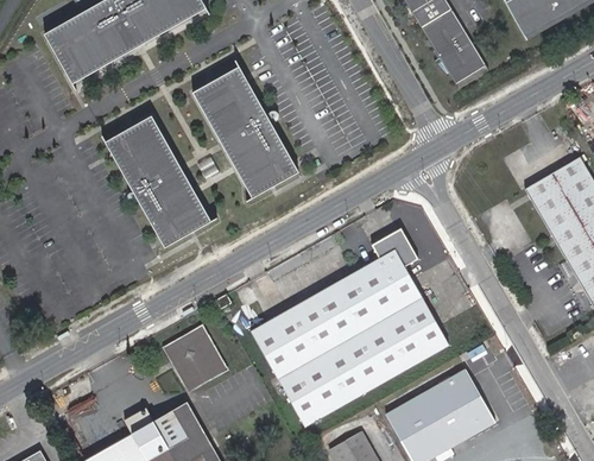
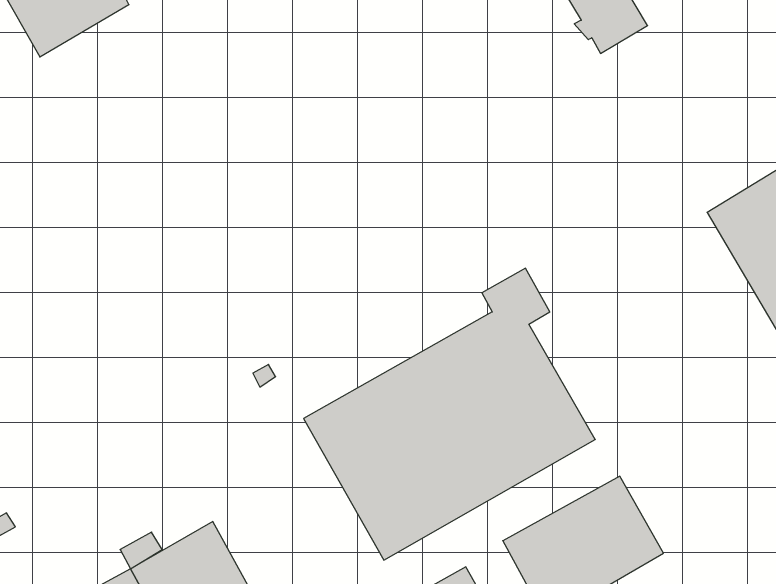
building: [192,64,299,196] -> none
building: [105,114,211,246] -> none
building: [166,327,226,389] -> none

